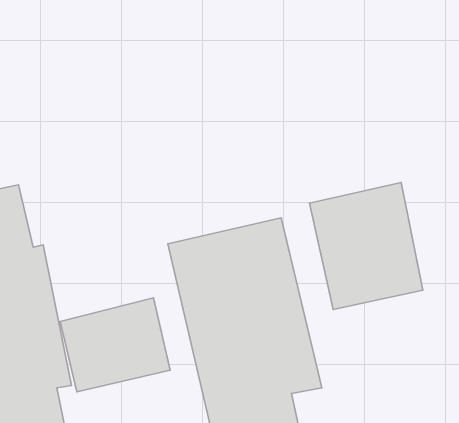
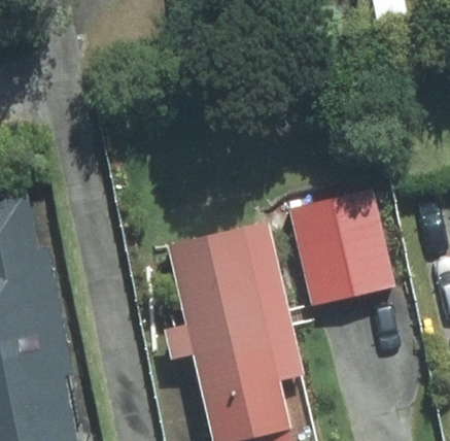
building: [60,298,170,392] -> none

